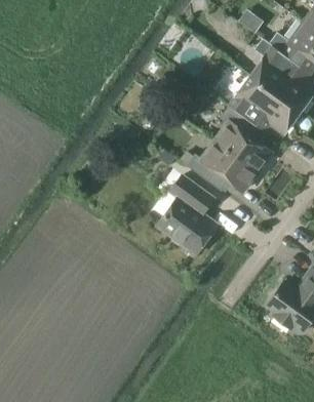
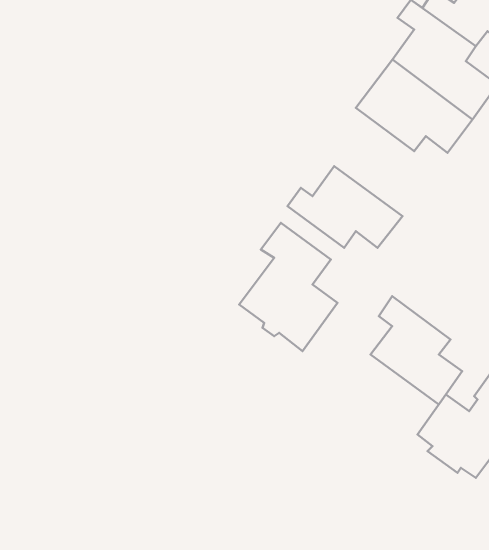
building: [215,105,272,171] -> [371,296,462,404]

